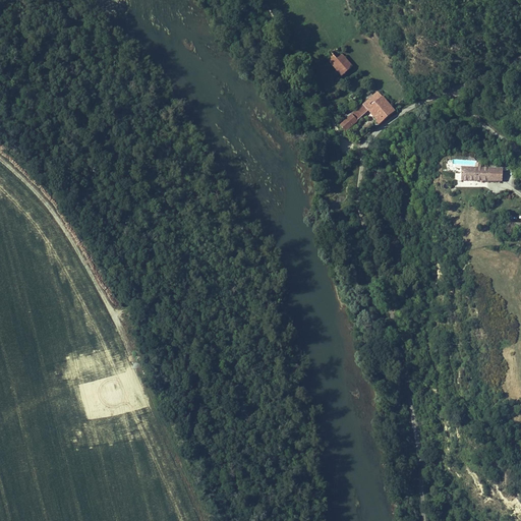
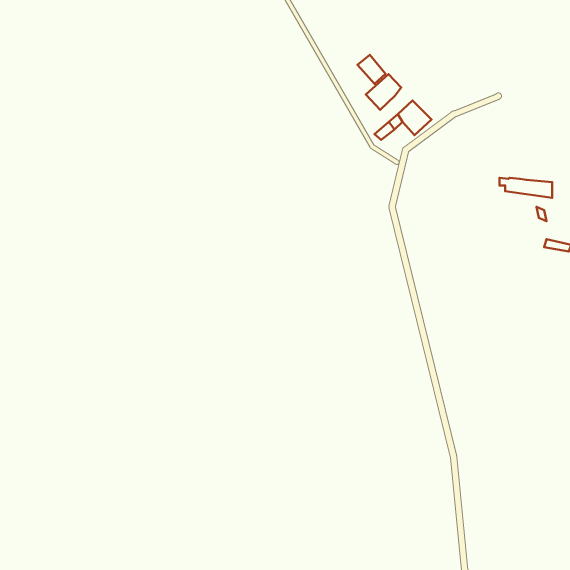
building: none -> [366,74,401,110]

